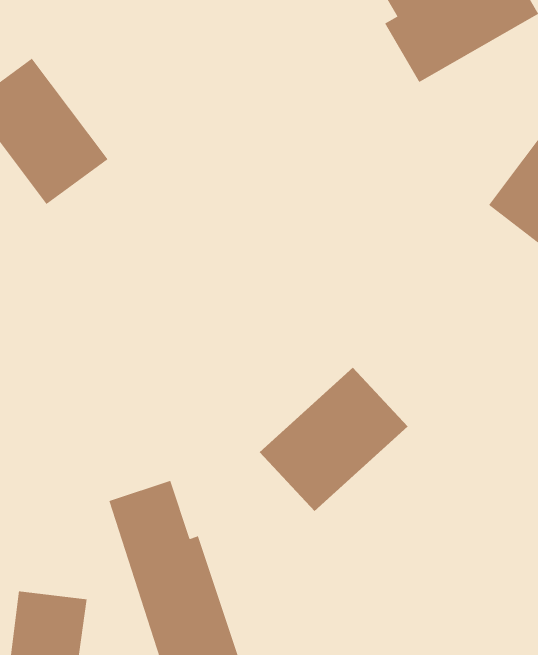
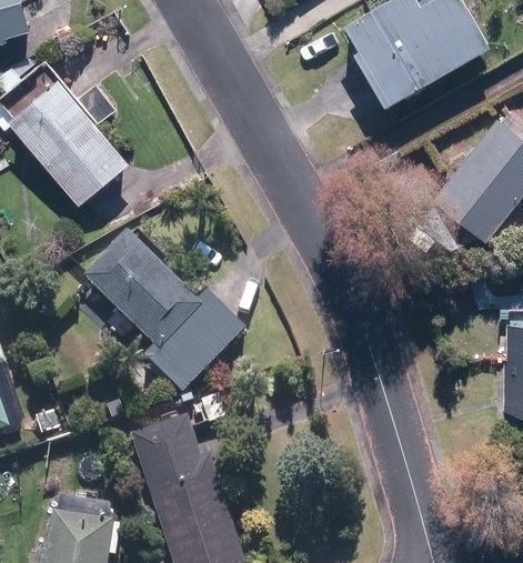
building: none -> [88,234,254,390]
building: [259,367,408,512] -> none

